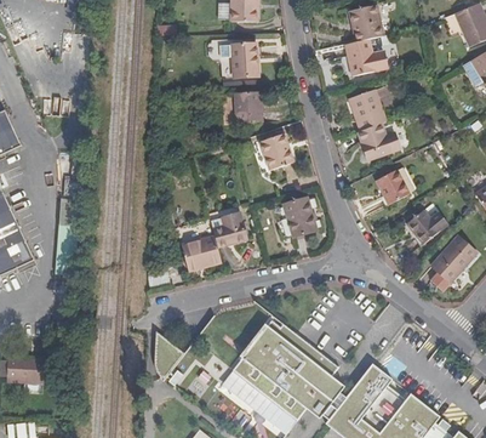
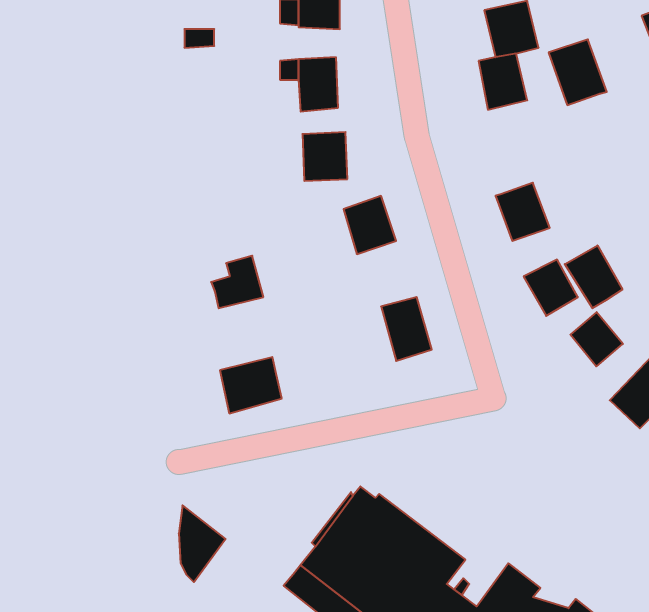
building: [350,86,388,129] -> [549,39,607,105]
building: none -> [565,245,622,308]
building: [212,211,246,245] -> [211,256,263,308]

